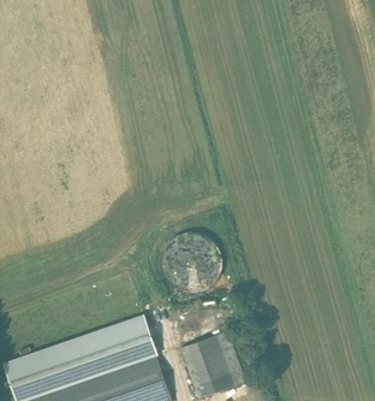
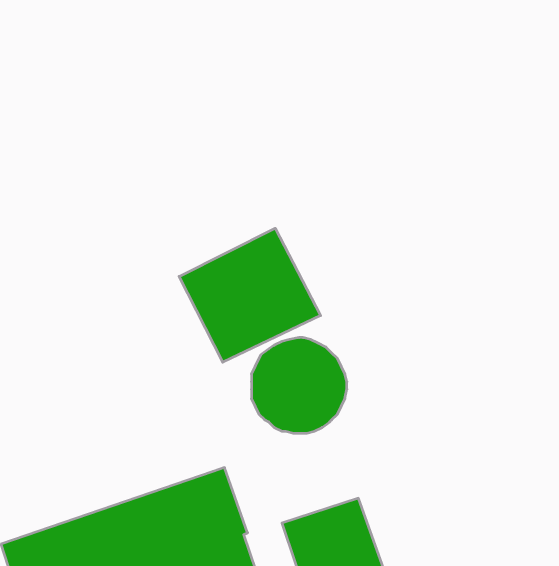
building: none -> [179,228,321,362]

